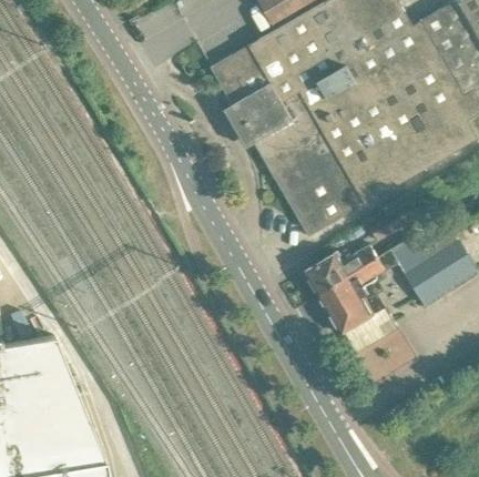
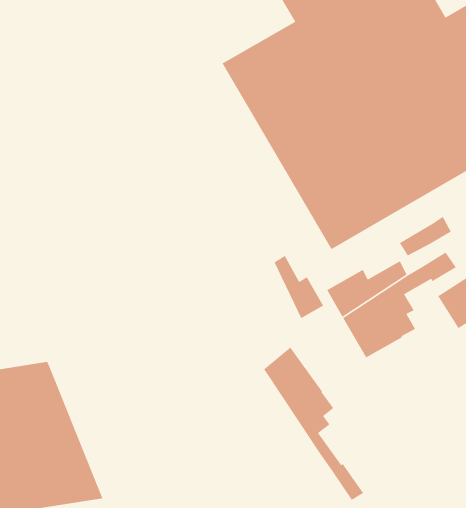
building: none -> [274,255,324,319]
building: none -> [263,346,364,501]

